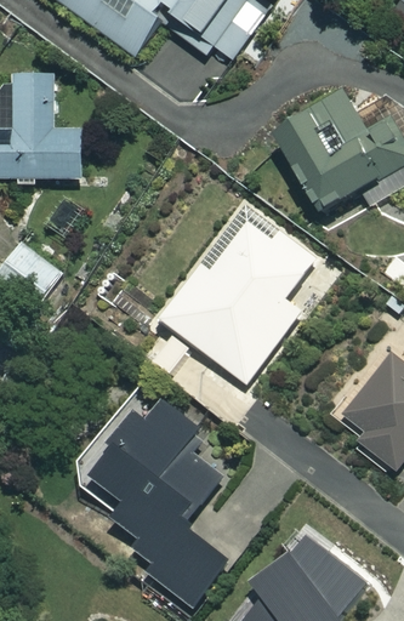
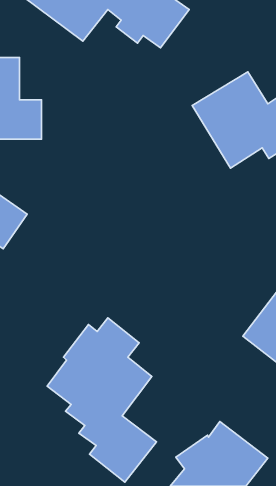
building: [154,198,337,384] -> none

